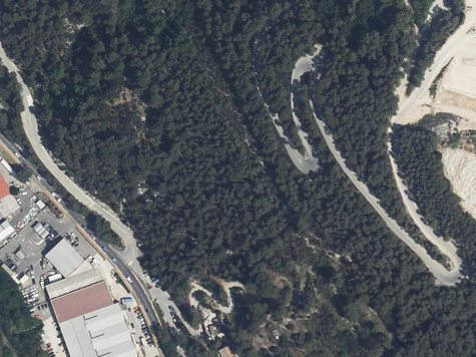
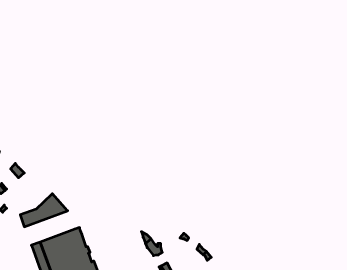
building: [44,239,84,279] -> none
building: [50,281,113,324] -> none

